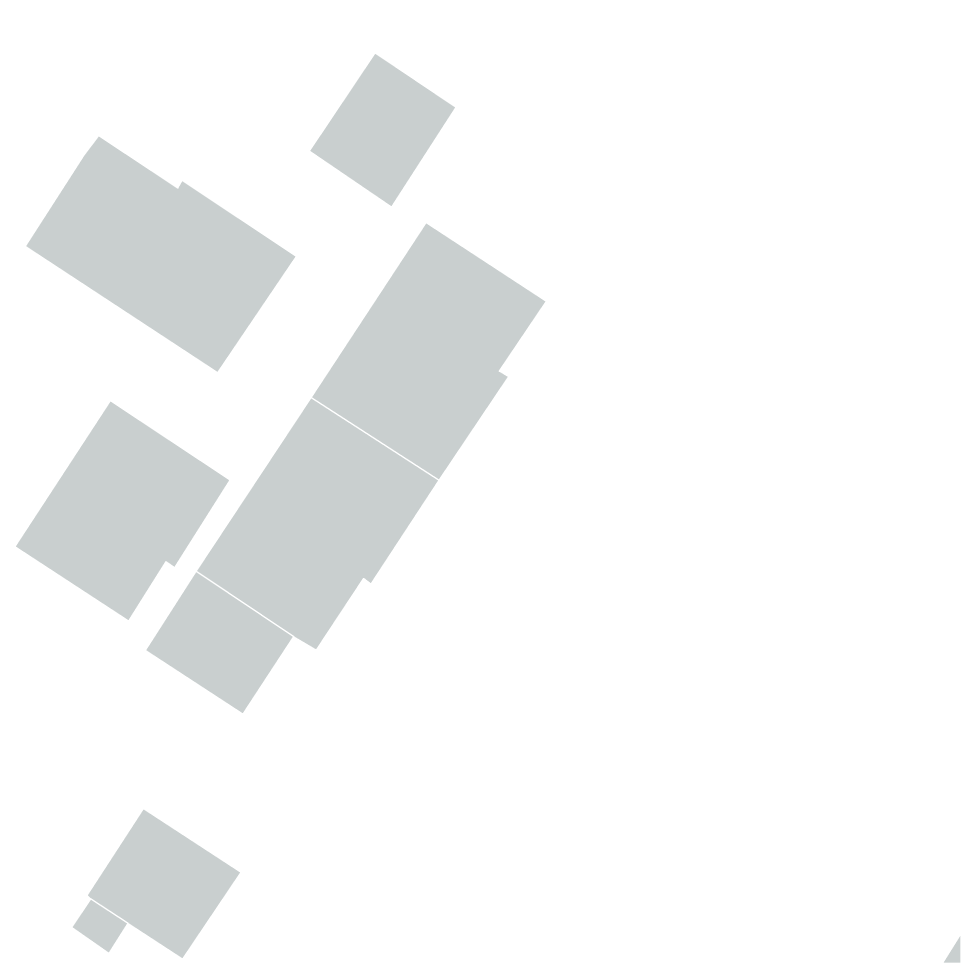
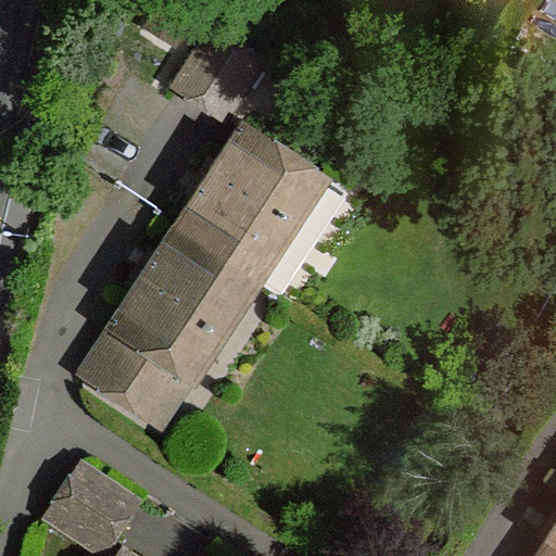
building: [25,136,296,373] -> none
building: [15,401,230,621] -> none

